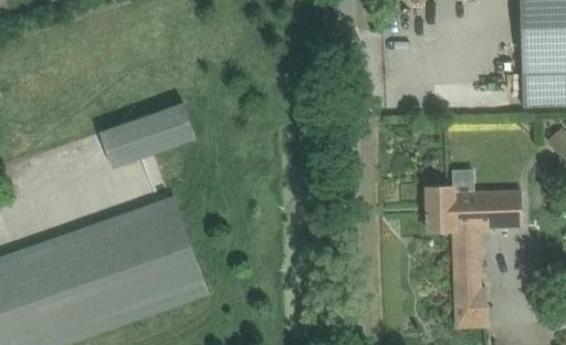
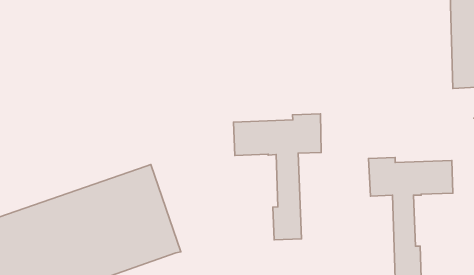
building: [101,103,196,168] -> none
building: none -> [234,114,321,240]

